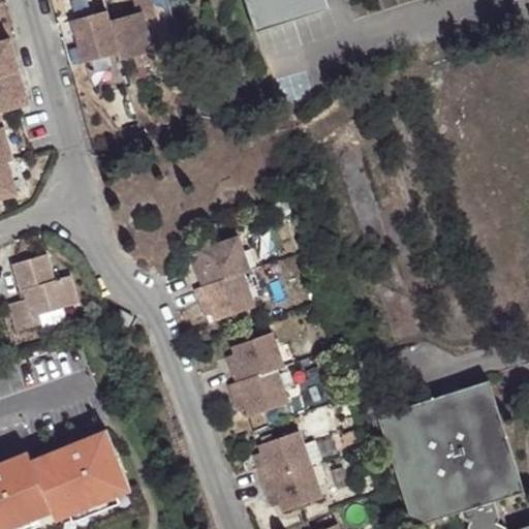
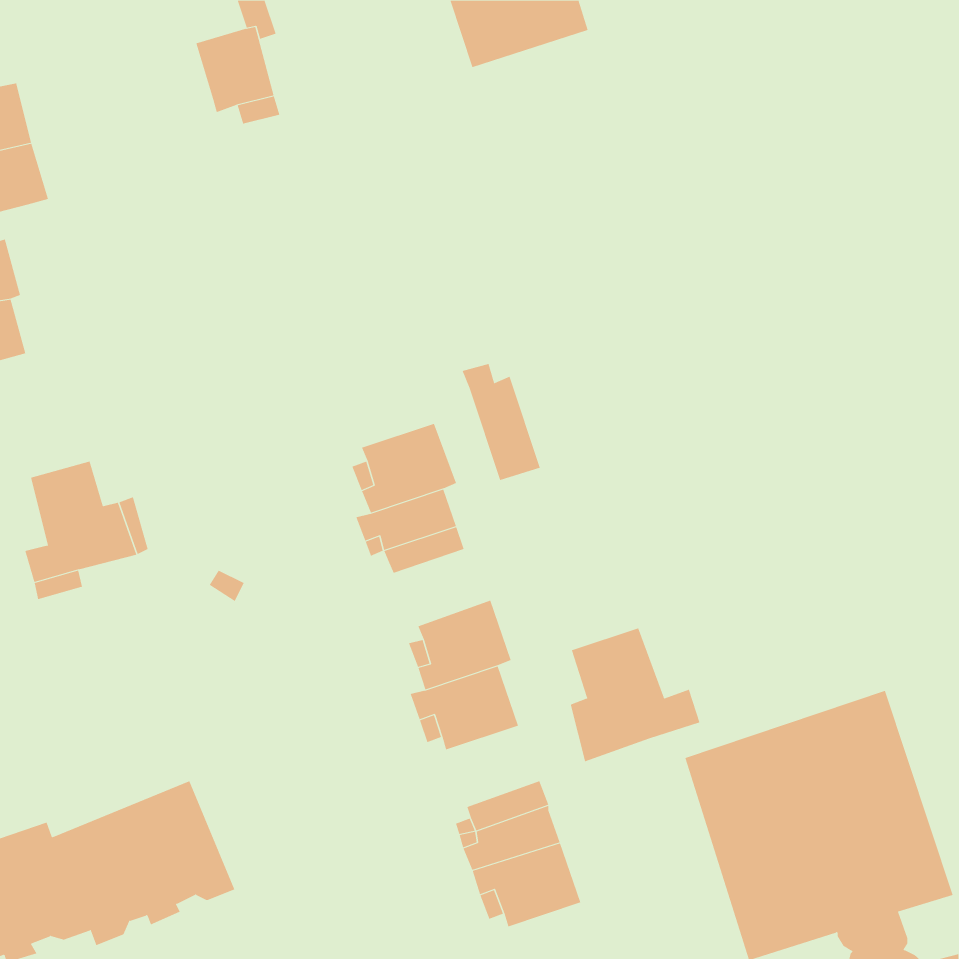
building: [71,13,117,65] -> none
building: none -> [462,363,540,481]
building: none -> [570,628,700,762]

